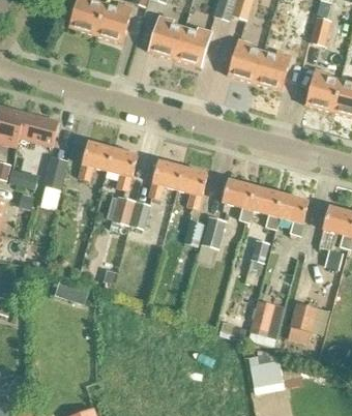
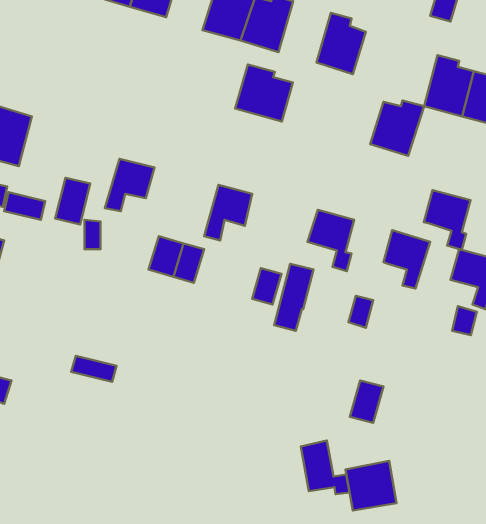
building: [255,52,293,91] -> [370,100,424,156]
building: none -> [235,64,293,122]
building: [20,113,59,148] -> none
building: [108,149,139,191] -> none
building: [178,168,208,211] -> none
building: [250,186,283,229] -> [424,190,470,250]
building: [290,302,318,333] -> none
building: none -> [301,441,350,494]

